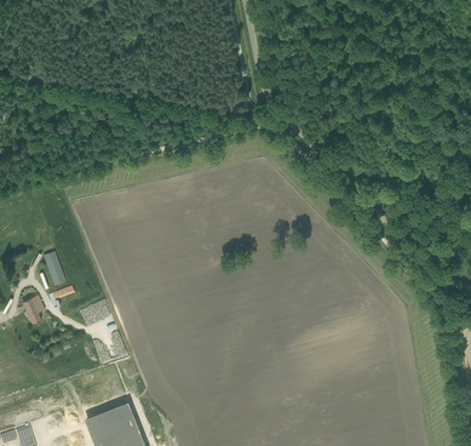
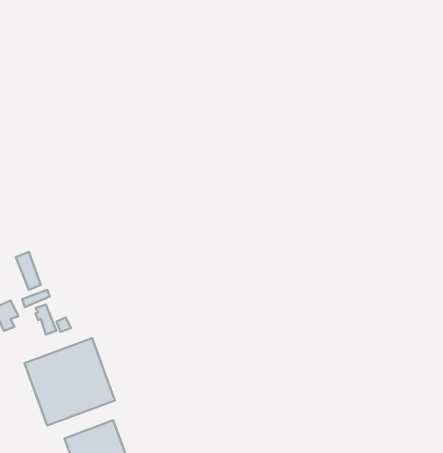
building: none -> [24,338,115,426]

